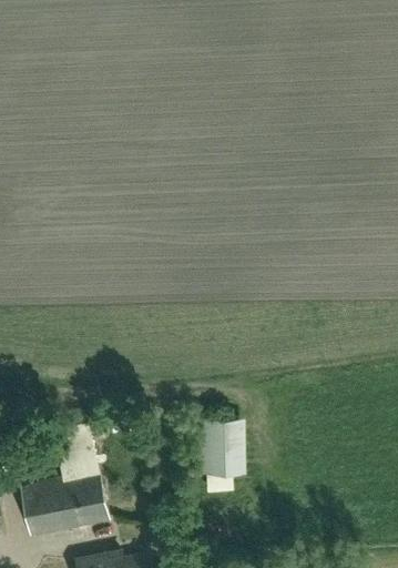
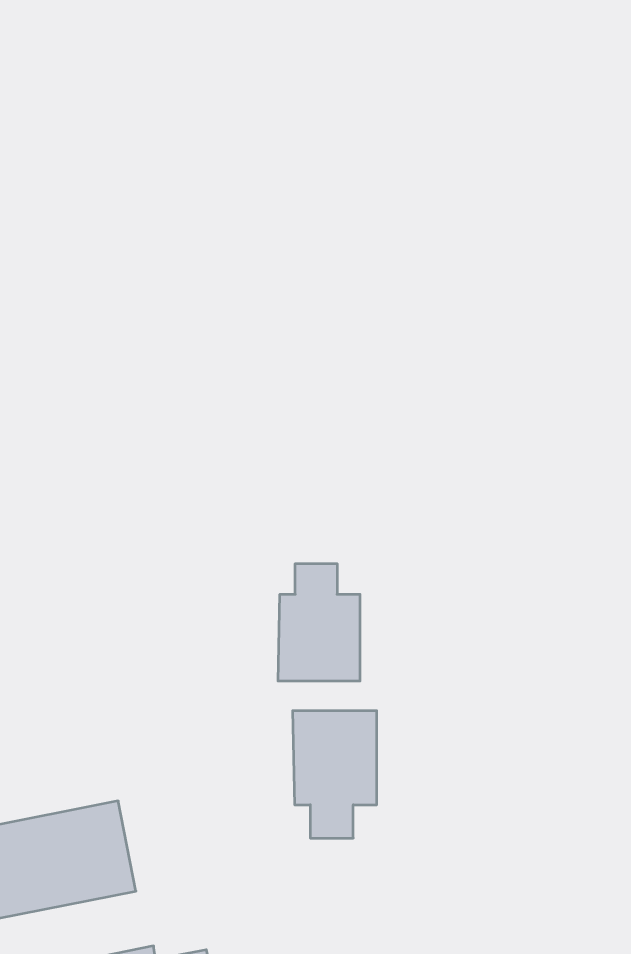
building: none -> [278,564,360,681]

